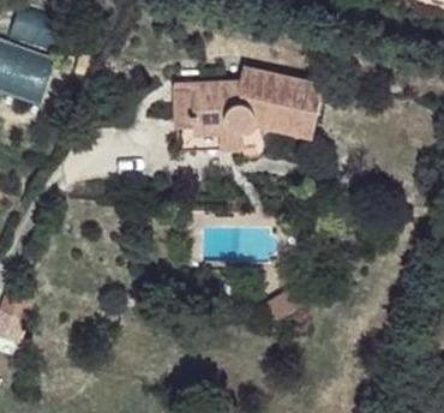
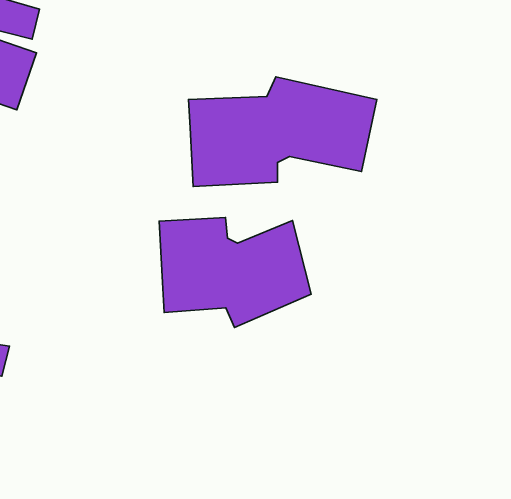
building: none -> [159,218,311,327]

